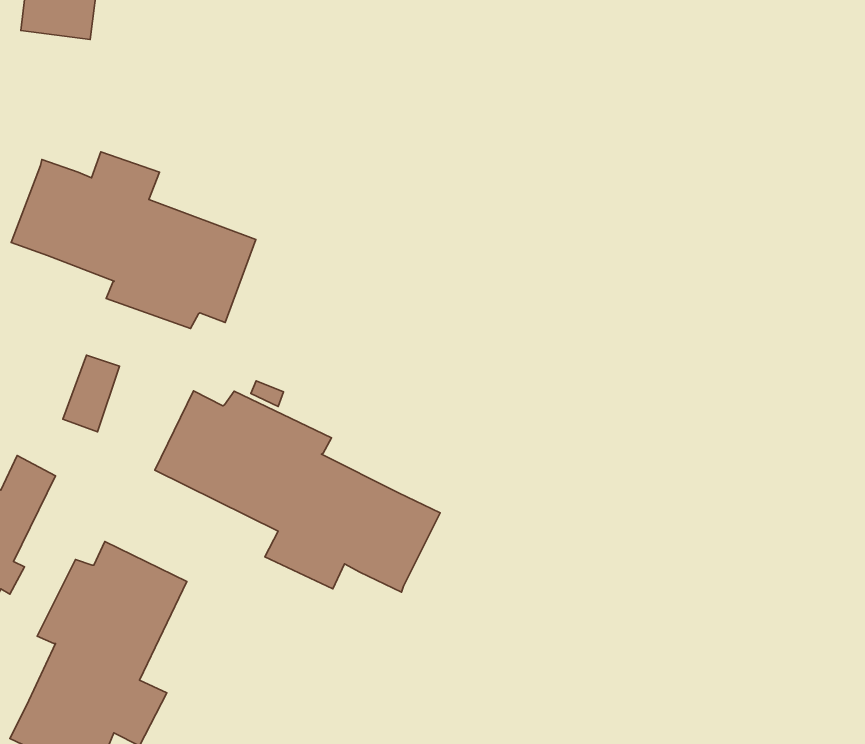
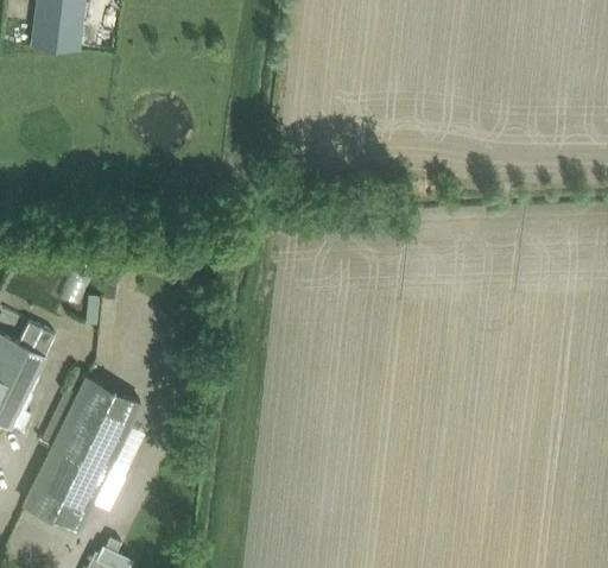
building: [11,152,256,329] -> none
building: [155,391,440,592] -> none

